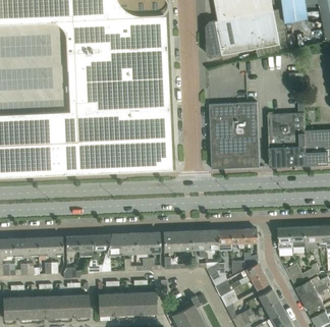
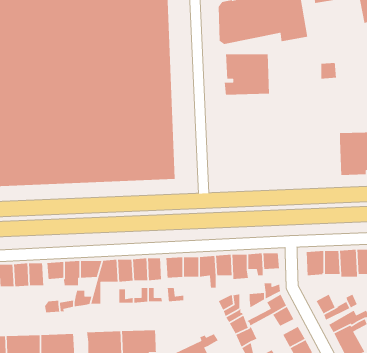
building: [209,101,260,169] -> none
building: [268,105,307,166] -> none

